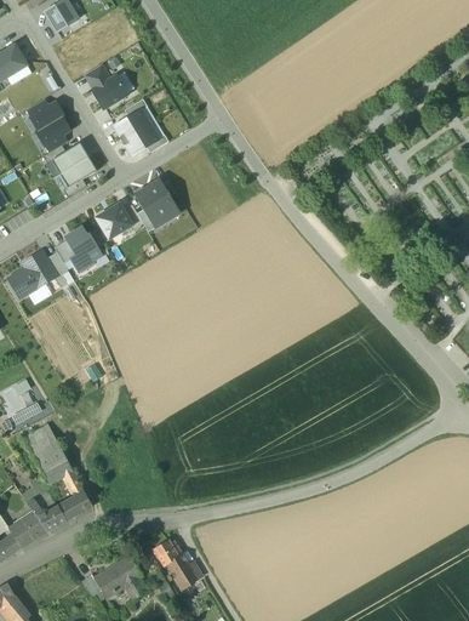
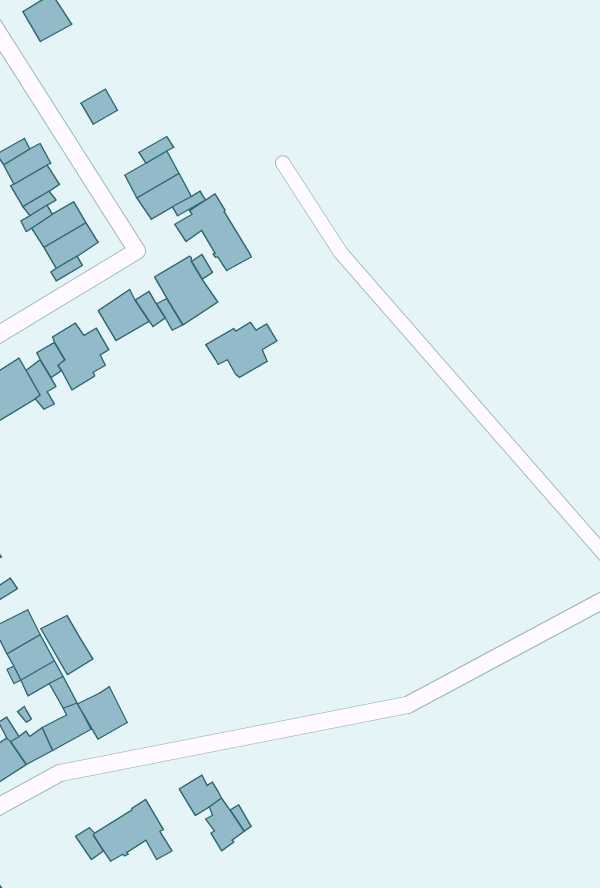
building: [92,75,127,108] -> none
building: none -> [175,194,251,271]
building: none -> [206,322,277,378]
building: none -> [41,615,93,675]
building: none -> [78,686,127,739]

